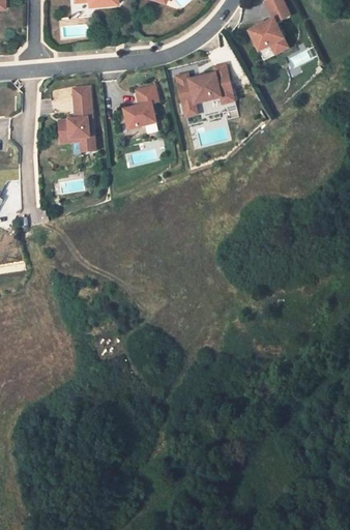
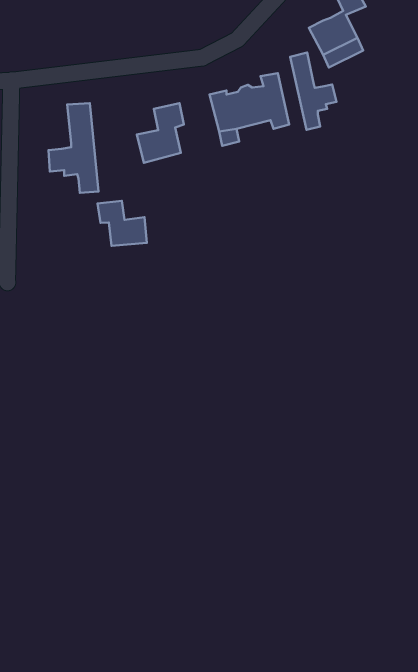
building: none -> [290,52,337,130]
building: none -> [98,201,147,246]

